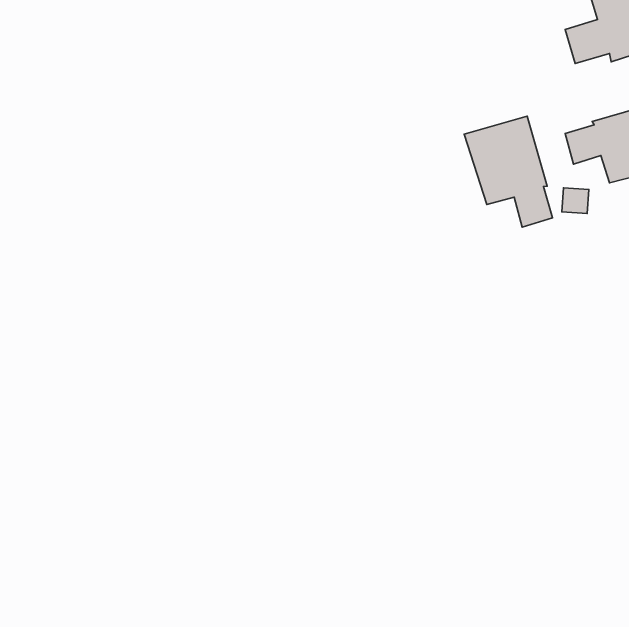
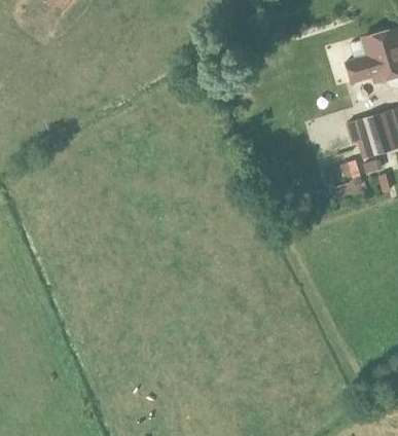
building: [464,116,552,227] -> none

